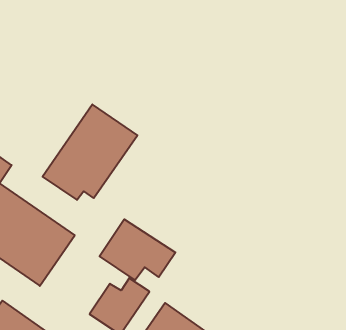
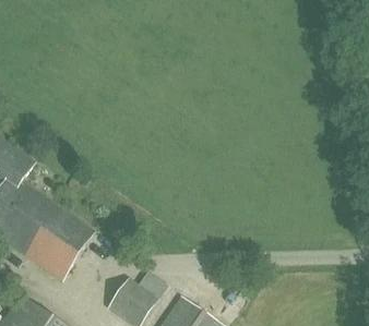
building: [43,104,137,200] -> none
building: [100,219,175,280] -> none

